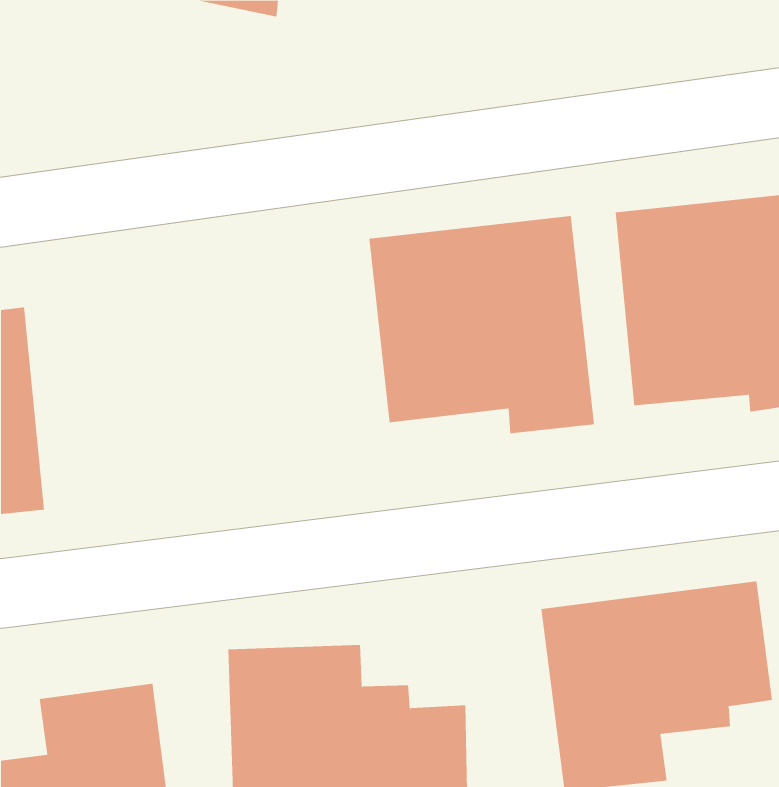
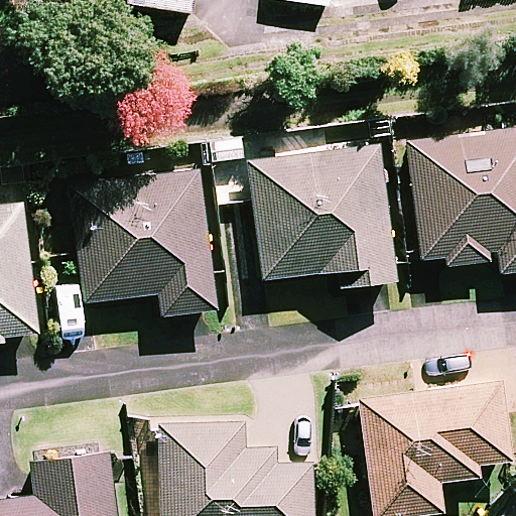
building: none -> [71,170,217,314]

